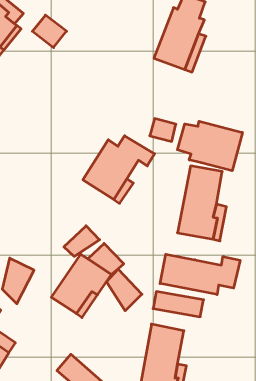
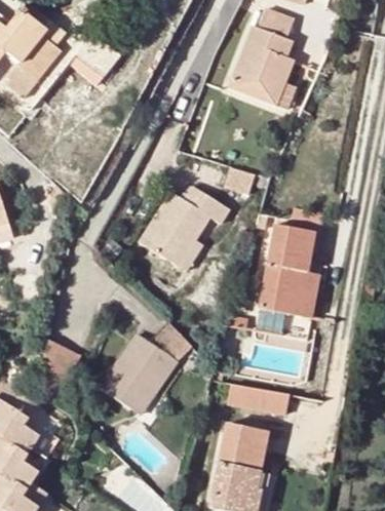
building: [177,121,242,171] -> none
building: [64,226,100,256] -> none
building: [160,254,240,295] -> none
building: [106,269,142,311] -> none

